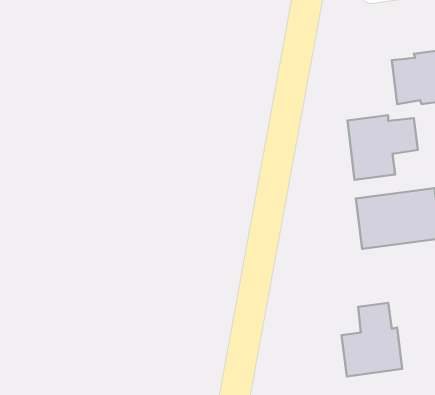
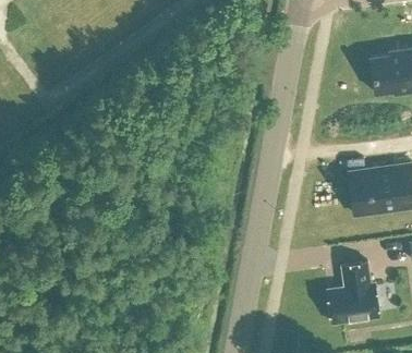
building: [347,115,418,180] -> none

